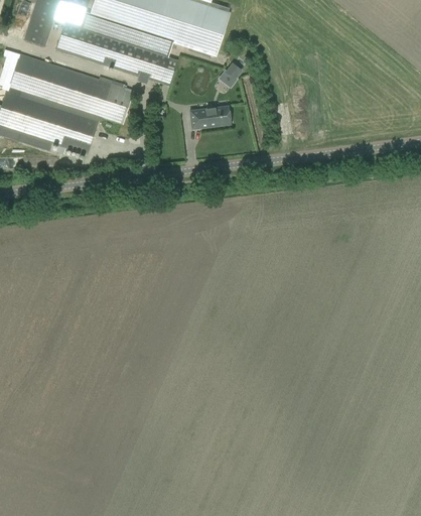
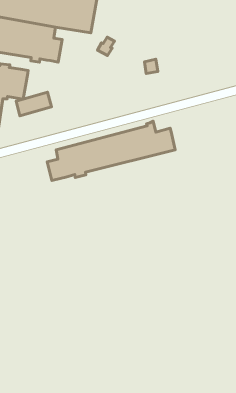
building: [190,105,232,128] -> [16,92,51,116]
building: none -> [47,121,175,181]

